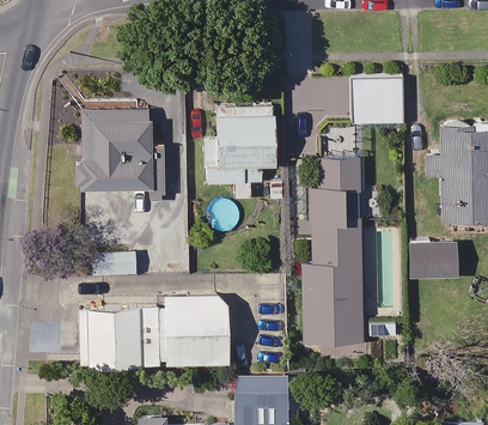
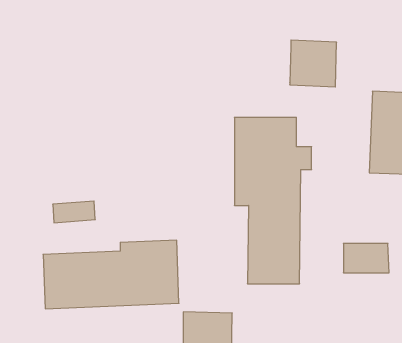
building: [205,103,275,200] -> none
building: [83,105,164,201] -> none
building: [410,247,460,279] -> [343,243,389,273]

